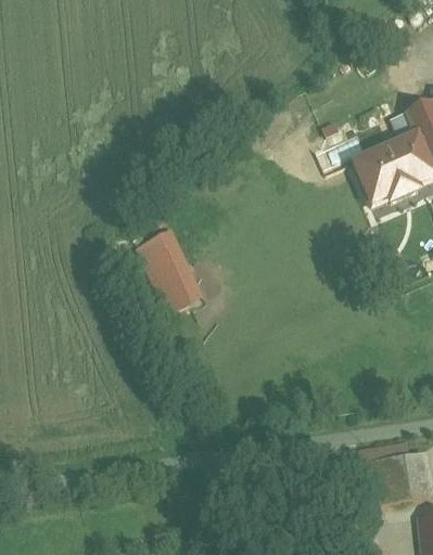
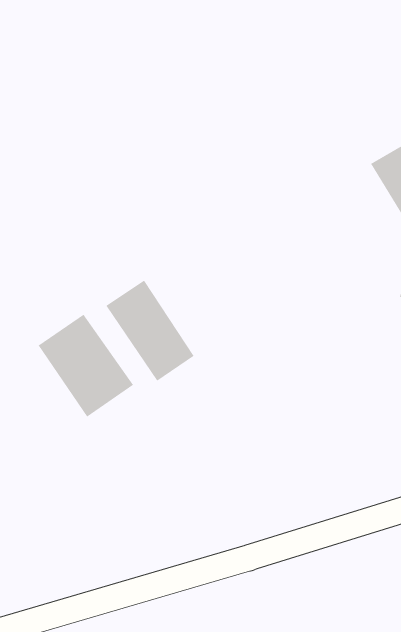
building: none -> [38,314,134,418]

